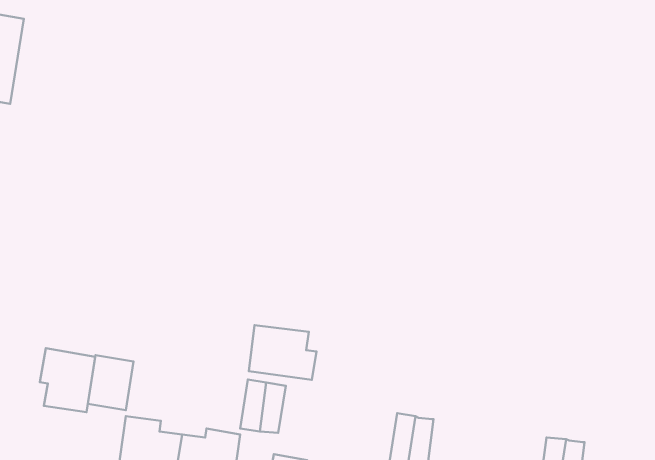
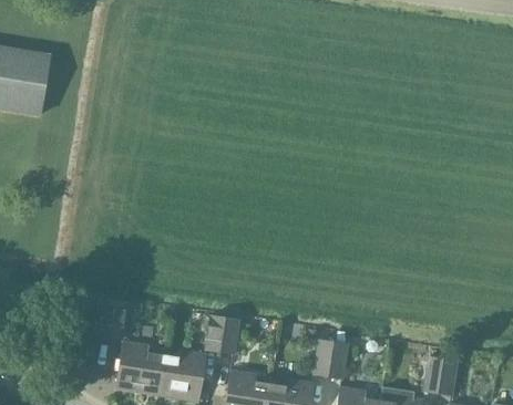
building: [249,325,317,380] -> none
building: [40,348,95,412] -> none

